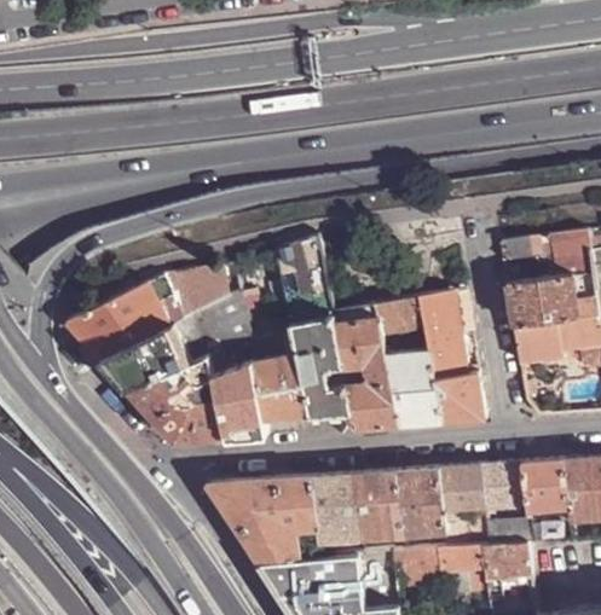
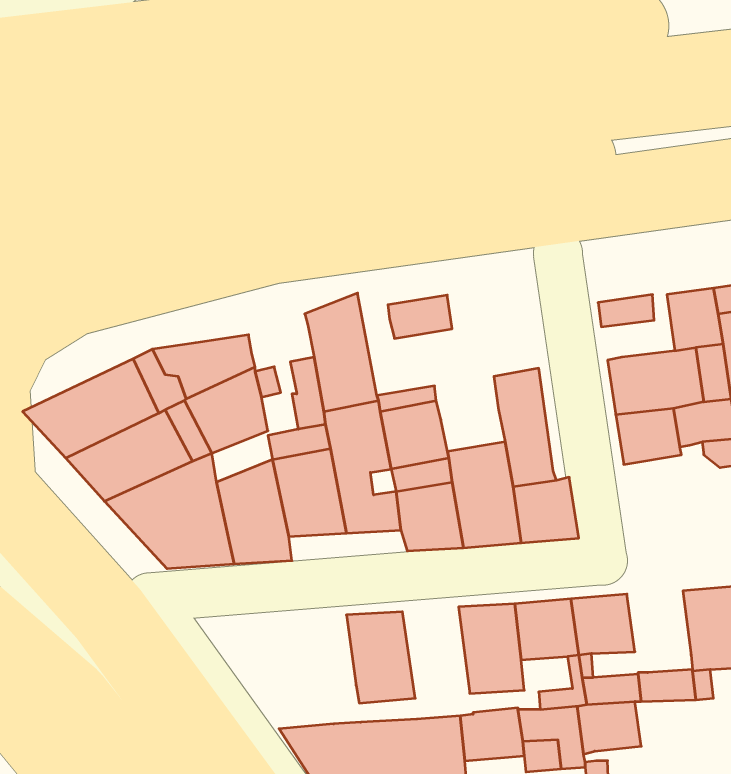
building: [375,298,423,331] -> [388,295,452,338]
building: [520,460,568,512] -> none
building: [351,472,401,541] -> none
building: [208,478,316,564] -> none

